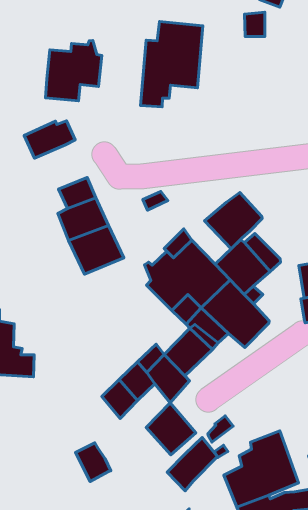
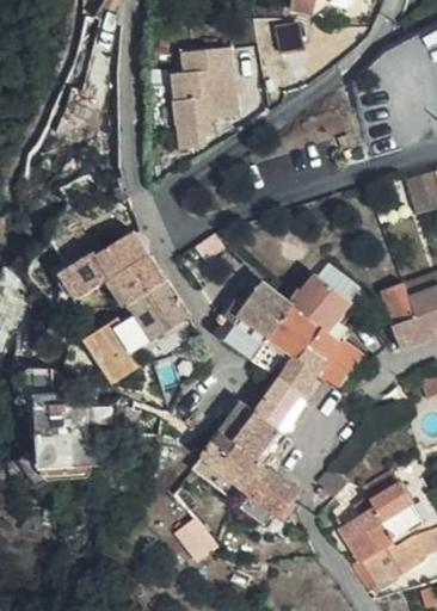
building: [45,41,102,101] -> none
building: [24,121,75,158] -> [62,252,118,298]
building: [205,192,262,249] -> none
building: none -> [82,306,149,382]
building: [167,437,217,491] -> [215,444,266,505]

